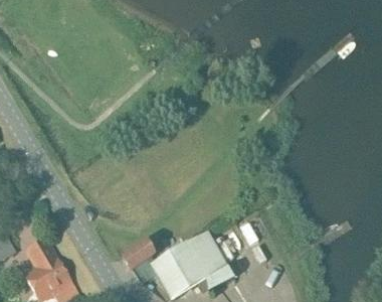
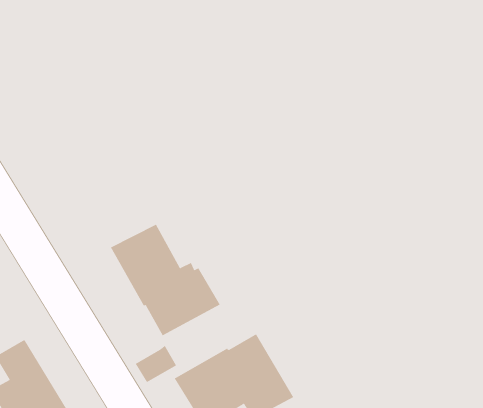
building: none -> [110,224,221,336]

